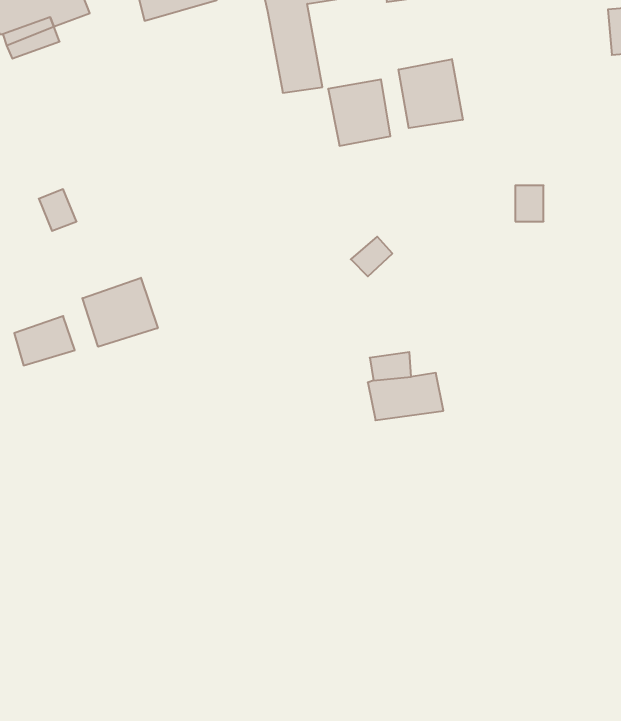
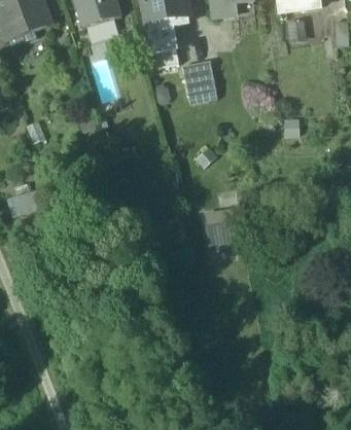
building: [399,59,463,128] -> none
building: [82,278,158,347] -> none

